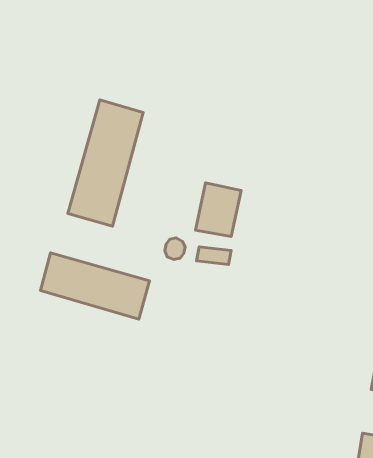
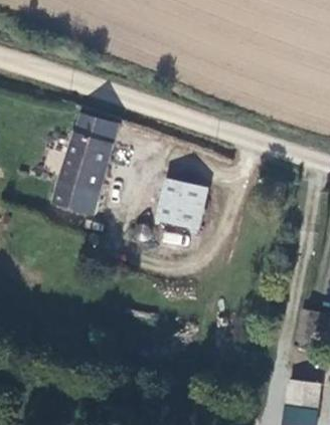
building: [41,253,150,319] -> none

